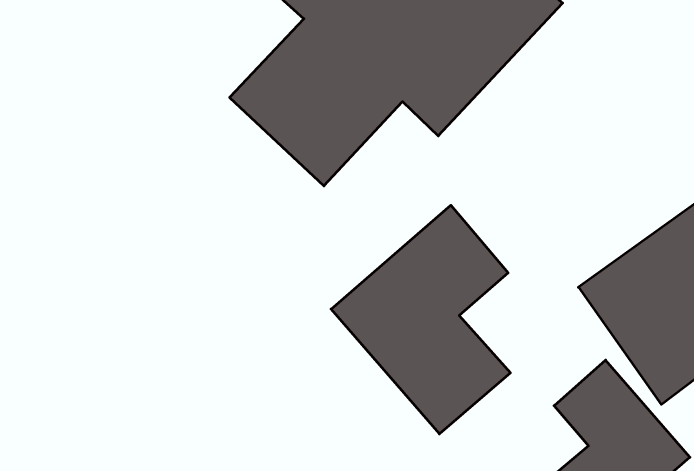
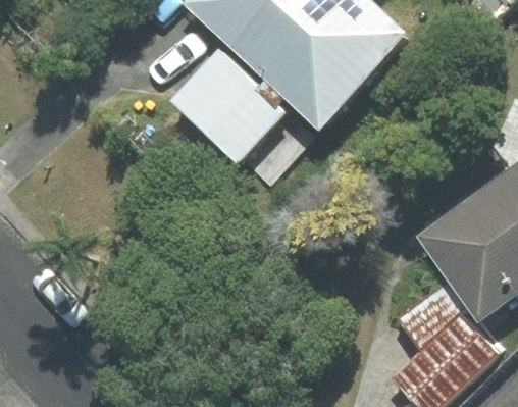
building: [331,205,510,434] -> none

